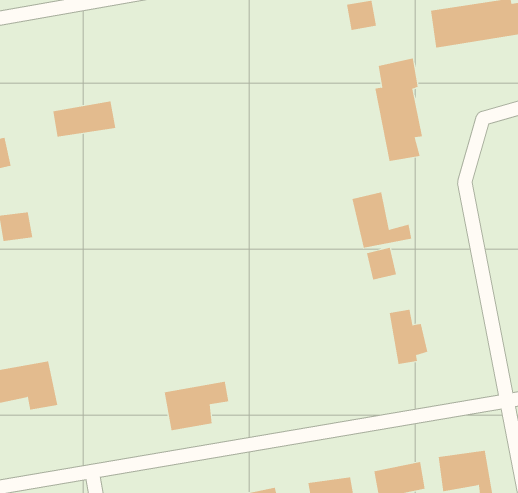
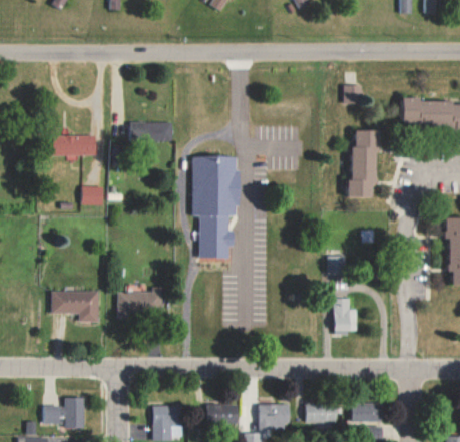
building: none -> [192,155,240,259]
building: [352,191,412,248] -> none
building: [164,381,229,431] -> [118,291,161,318]

